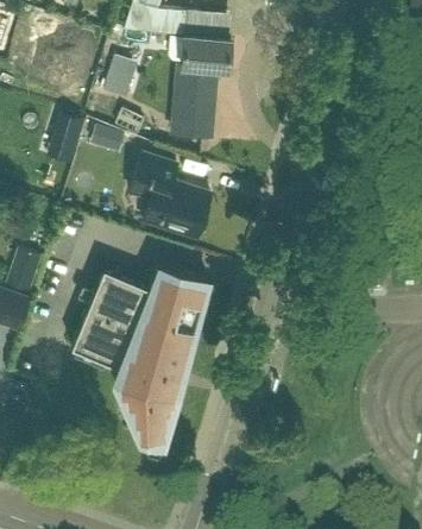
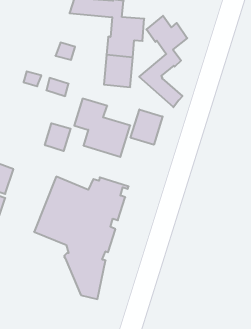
building: none -> [139,16,187,107]
building: none -> [131,109,163,145]
building: none -> [45,123,71,151]

